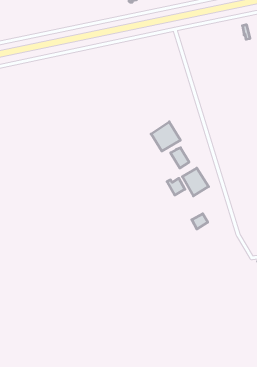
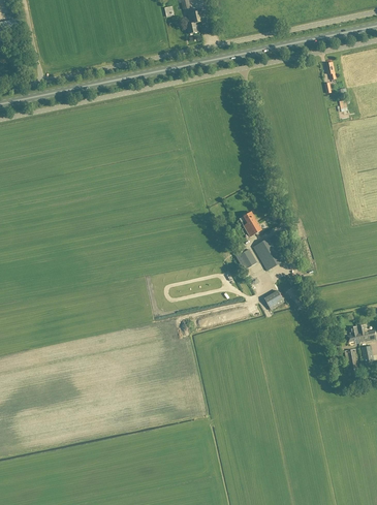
building: [151,122,180,151] -> none

